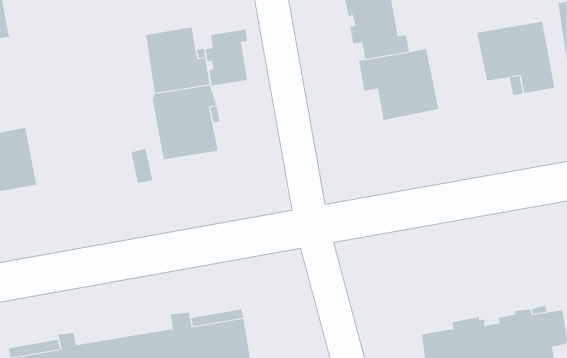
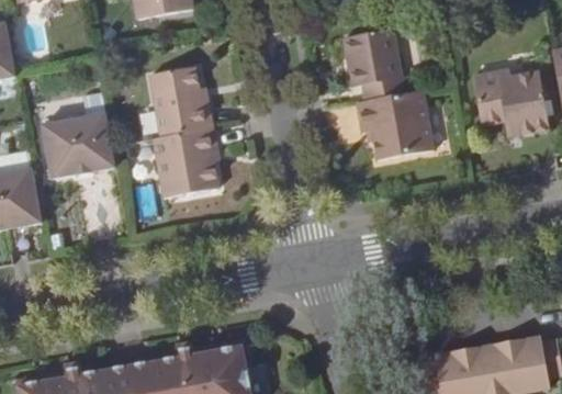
building: [205,29,248,86] -> none
building: none -> [42,115,116,180]

